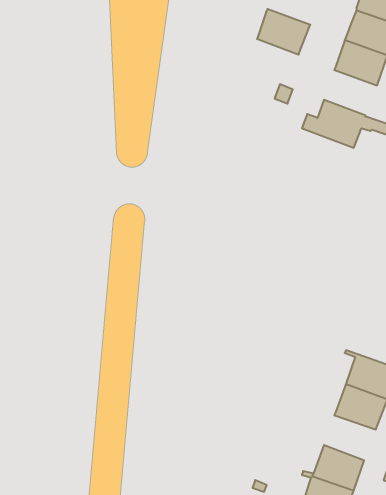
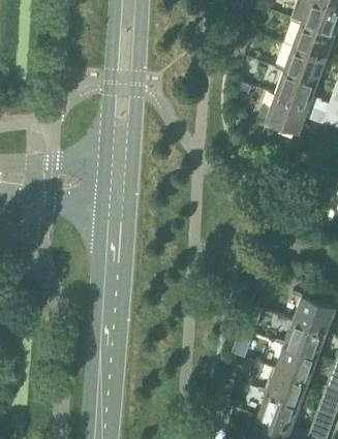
building: [257,9,310,55] -> [276,69,318,105]
building: none -> [276,339,317,380]

